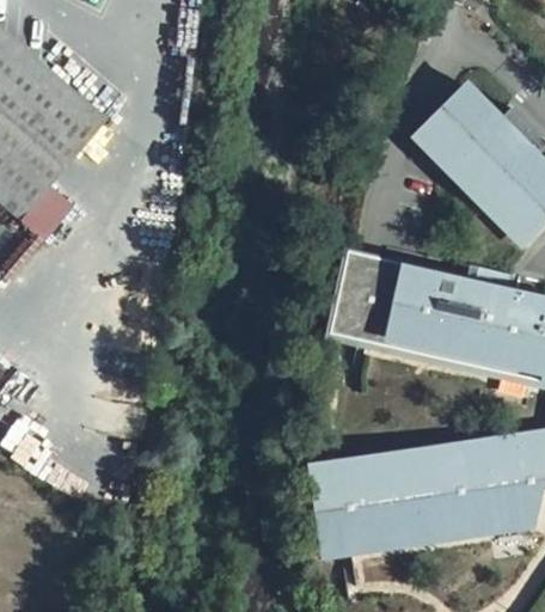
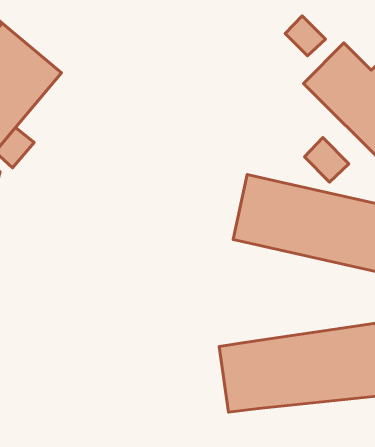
building: none -> [285,16,325,56]
building: none -> [304,138,349,182]

